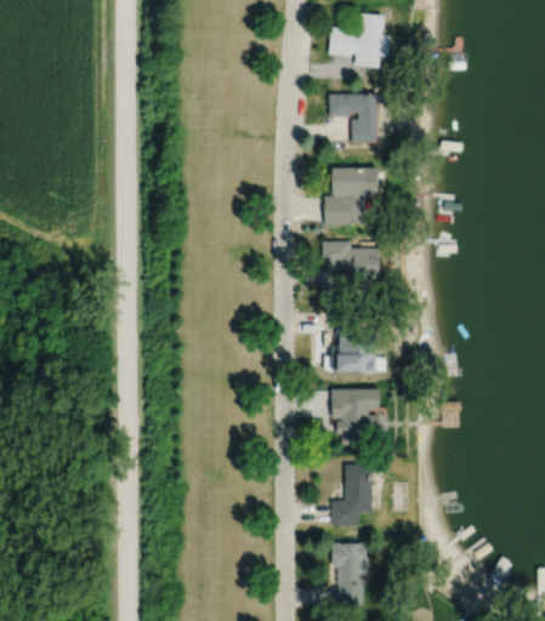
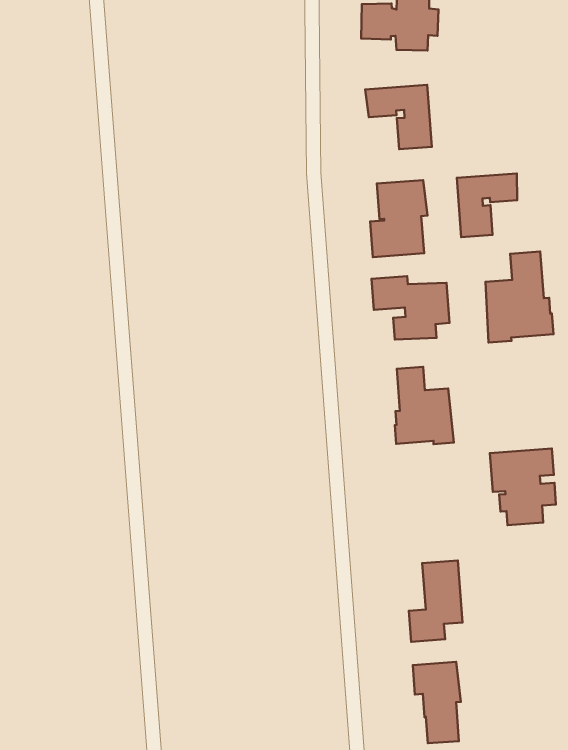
building: none -> [457,173,517,237]
building: none -> [486,251,554,343]
building: [333,389,381,446] -> [490,449,556,525]

